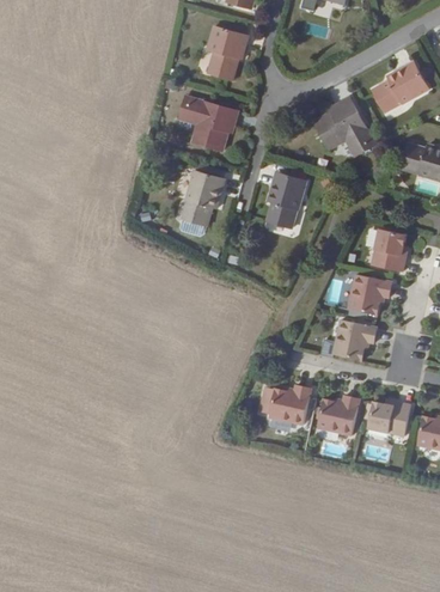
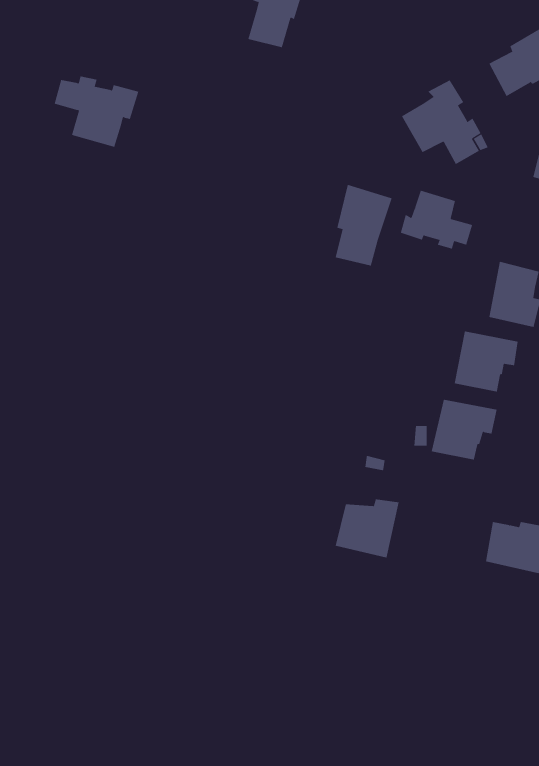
building: [177,99,236,148] -> [54,76,139,148]
building: [182,170,224,224] -> none
building: none -> [400,190,473,249]
building: [317,396,361,437] -> none

